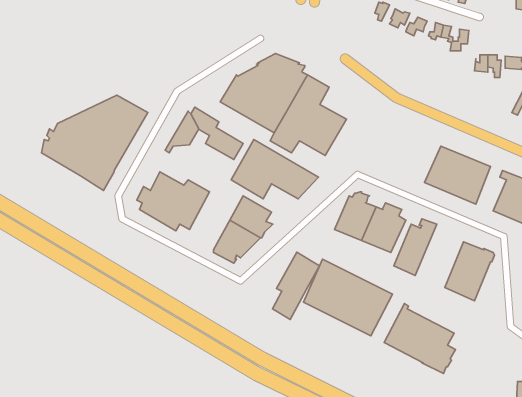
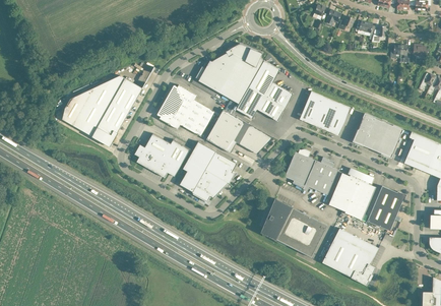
building: none -> [299,91,350,135]
building: none -> [159,101,207,136]
building: none -> [343,173,375,220]
building: [273,252,320,319] -> [179,141,214,192]

